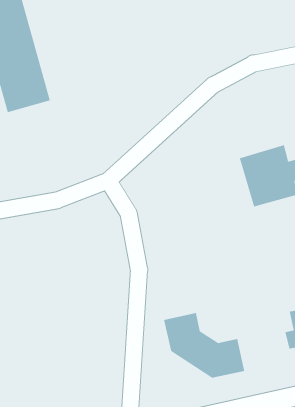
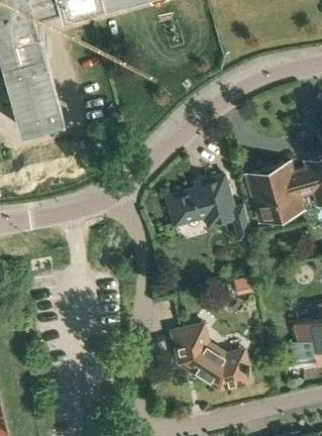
building: none -> [167,174,252,238]

